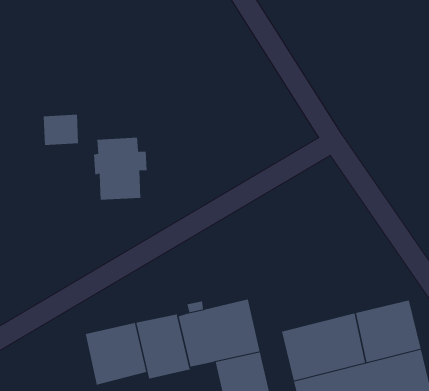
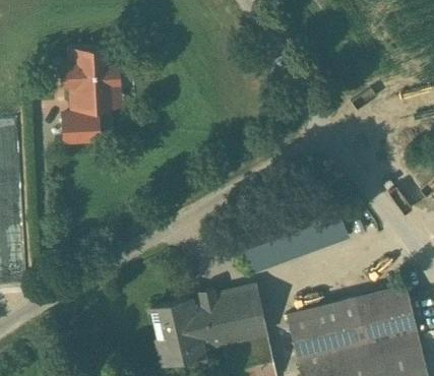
building: [93,137,148,200] -> [67,50,118,109]
building: none -> [236,191,348,272]
building: [85,322,147,385] -> none

